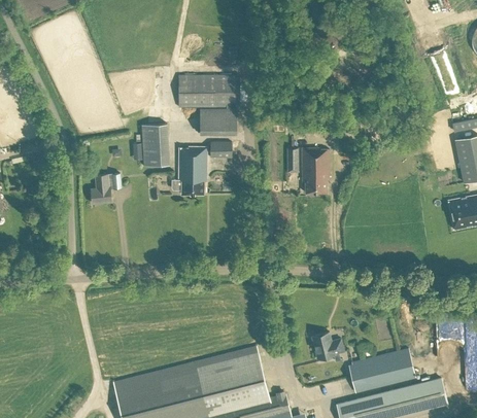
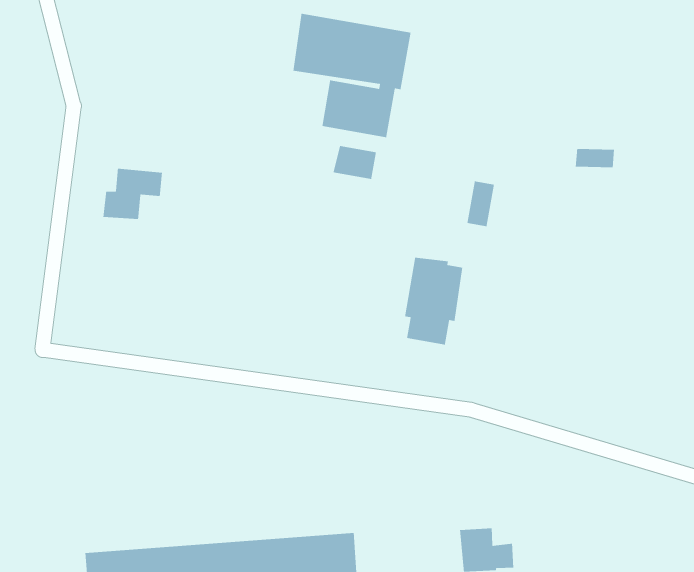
building: [141,124,169,166] -> none
building: [171,146,207,194] -> none
building: [302,147,330,193] -> [404,257,463,345]

